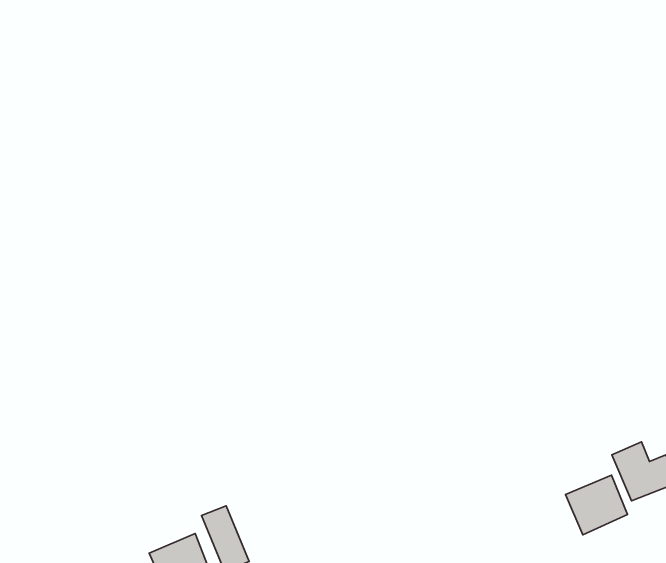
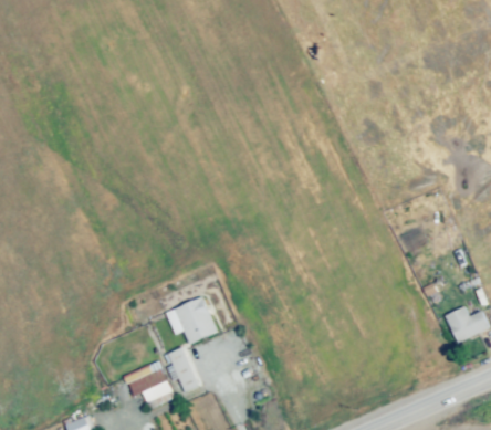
building: none -> [174,295,217,344]
building: [566,475,627,535] -> none

